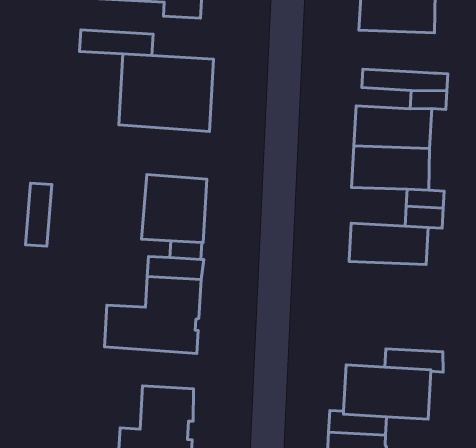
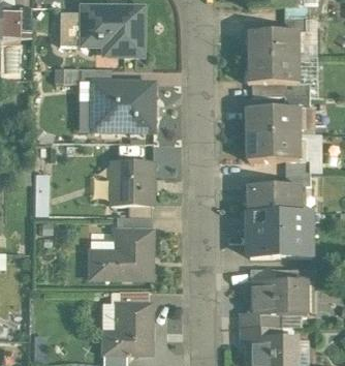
building: none -> [248,56,300,83]
building: none -> [250,211,312,256]

